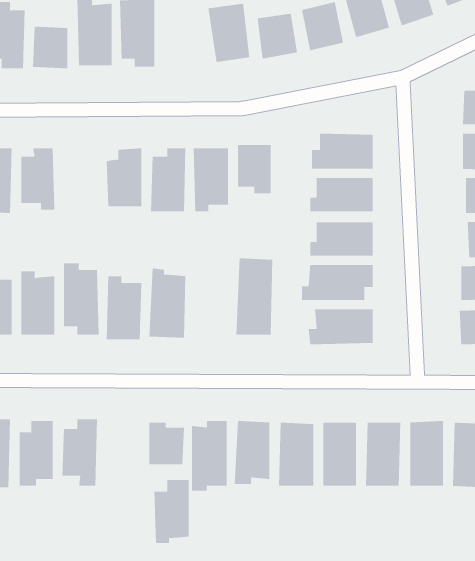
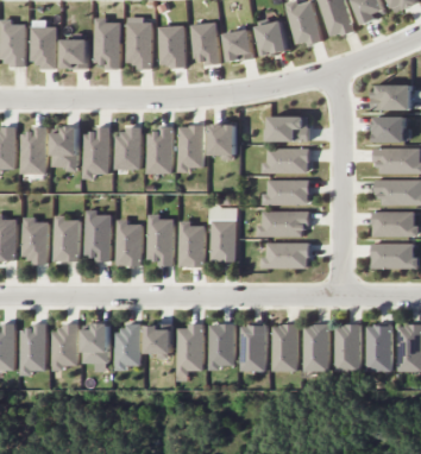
building: none -> [158,25,186,67]
building: none -> [84,127,111,179]
building: none -> [178,220,205,266]
building: [153,480,189,544] -> [114,323,140,370]

